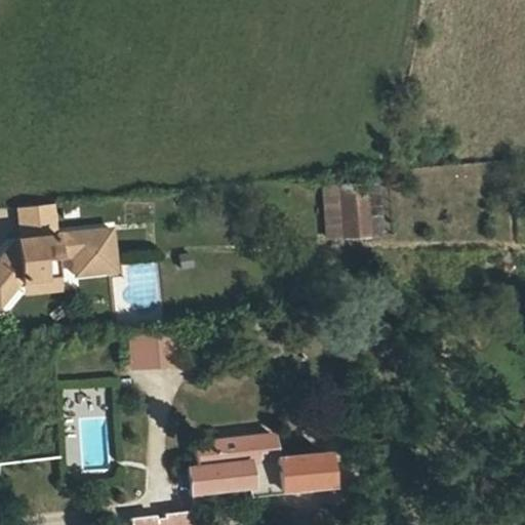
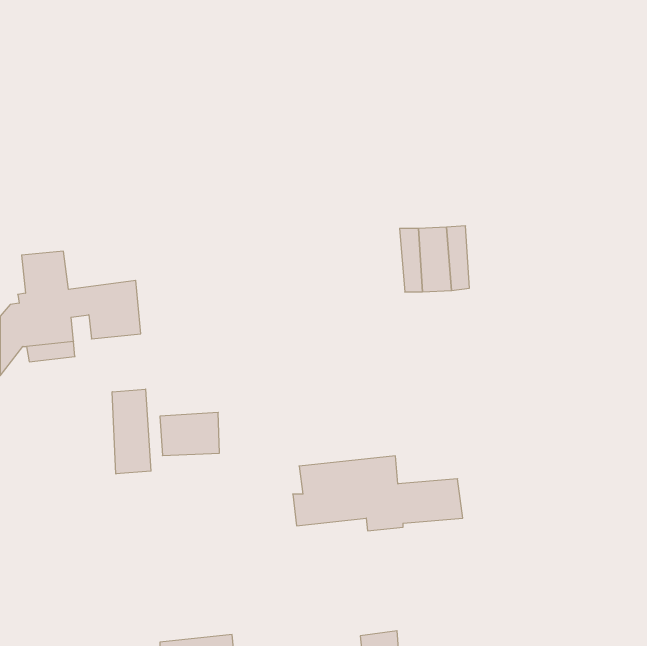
building: none -> [112,389,151,474]
building: [189,436,326,496] -> [293,456,463,531]

